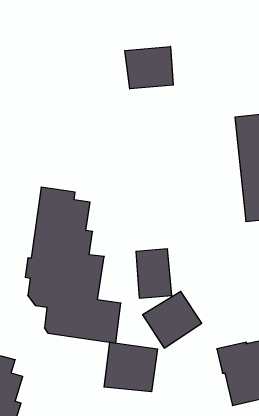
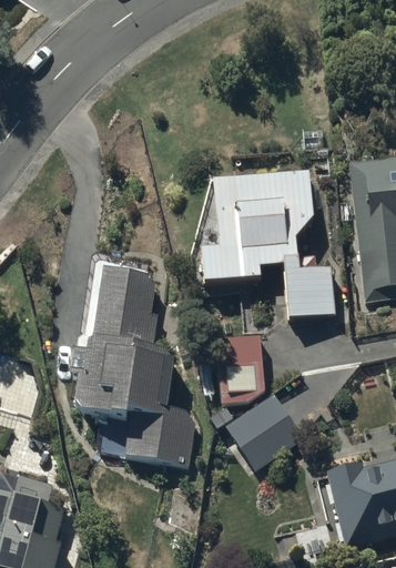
building: [125,46,173,89] -> none
building: none -> [197,170,334,318]
building: [104,342,157,392] -> none

